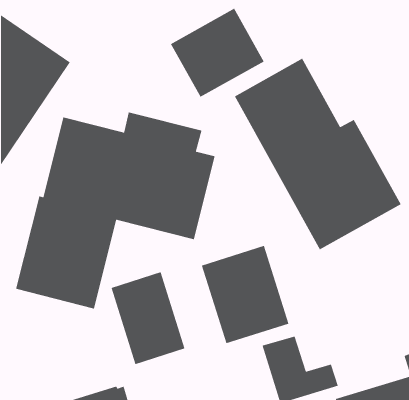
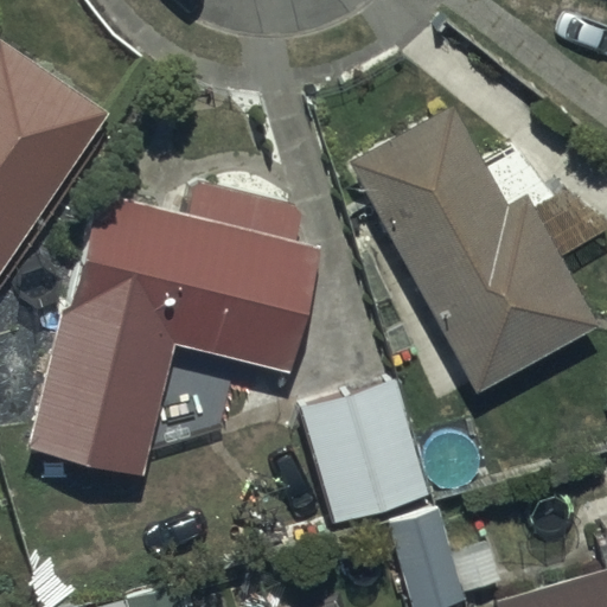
building: [170,8,265,98] -> none
building: [110,271,186,365] -> none

